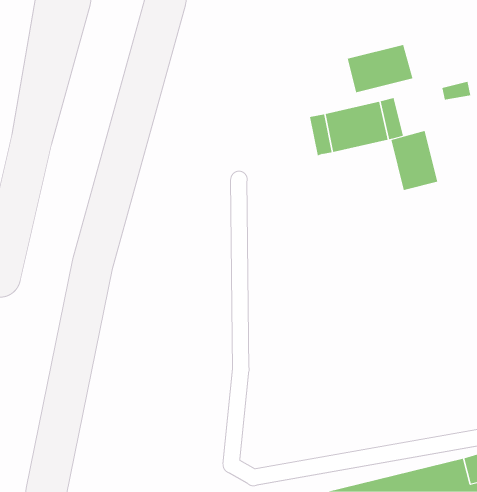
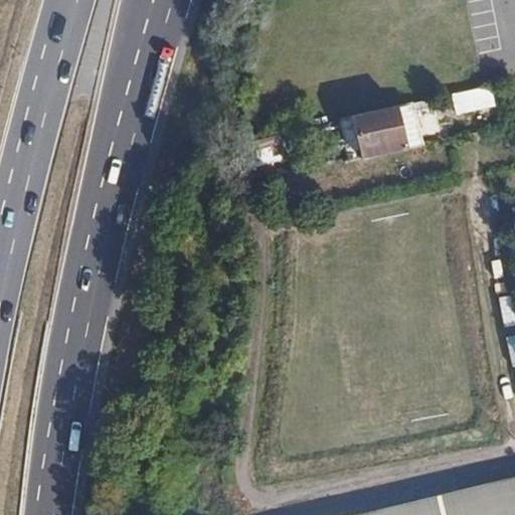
building: [347,44,413,93] -> none
building: [391,130,438,191] -> none

